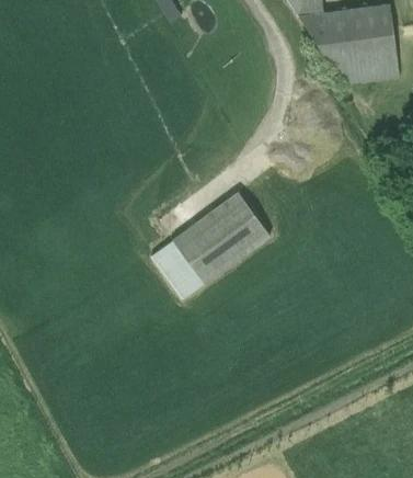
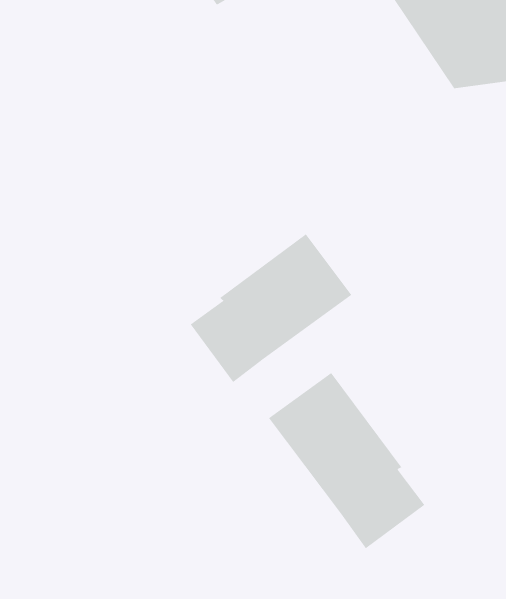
building: none -> [268,372,425,549]

